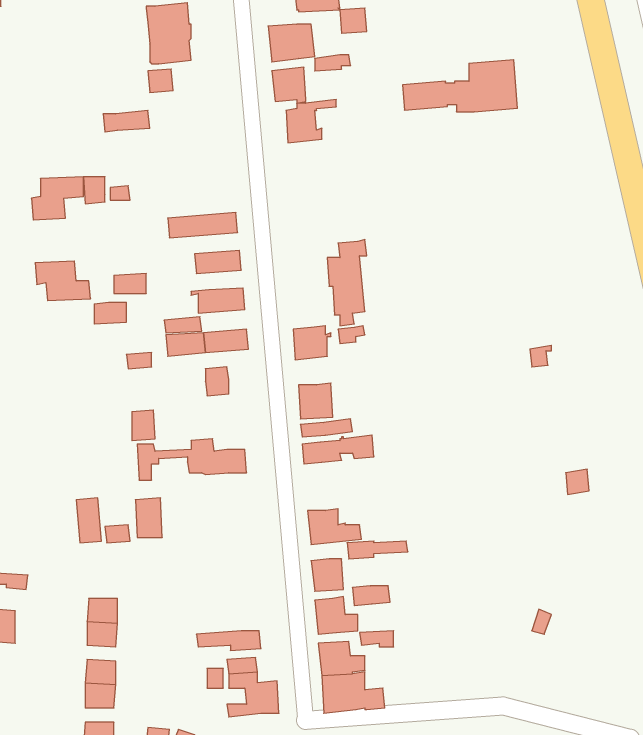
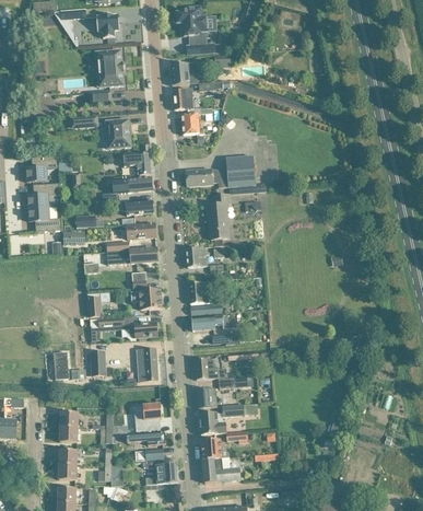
building: [403,60,517,112] -> [185,154,255,186]
building: none -> [105,118,130,147]
building: none -> [122,151,150,174]
building: none -> [26,182,59,207]
building: none -> [130,288,161,309]
building: none -> [136,348,156,380]
building: none -> [133,403,161,430]

